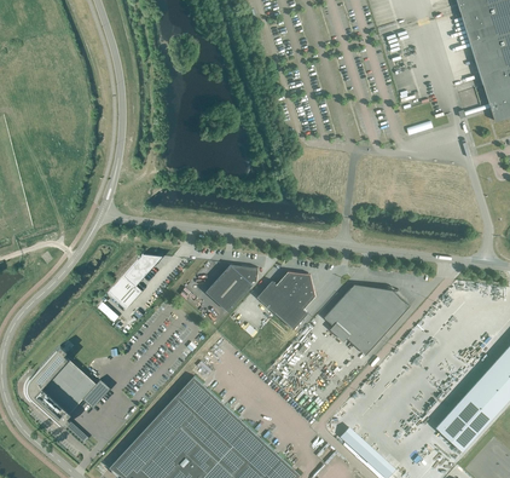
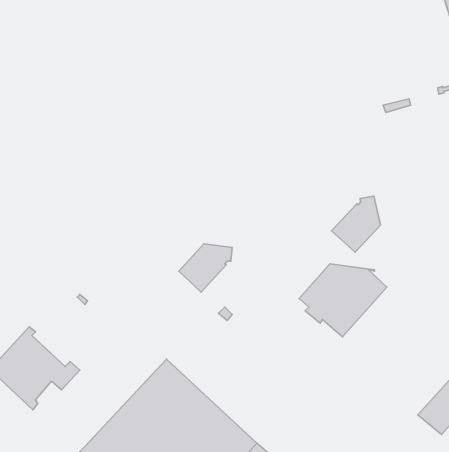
building: none -> [331,196,380,252]
building: [106,253,162,309] -> none
building: [257,271,315,329] -> none

